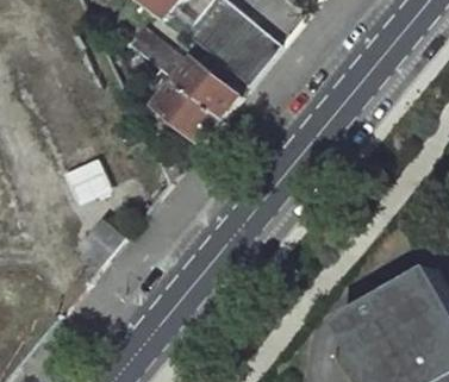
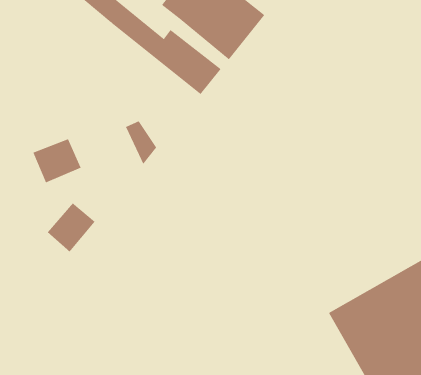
building: [125,51,216,142] -> none

